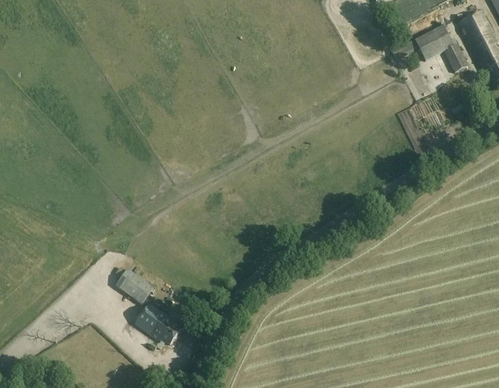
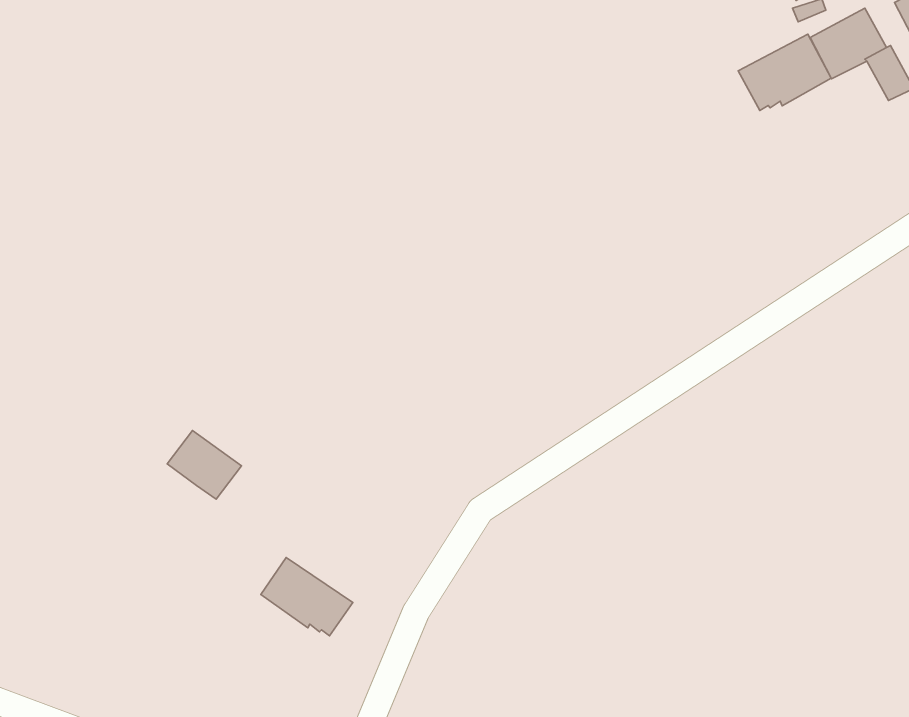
building: none -> [738,34,831,110]
building: [116,268,154,303] -> [167,430,242,499]

